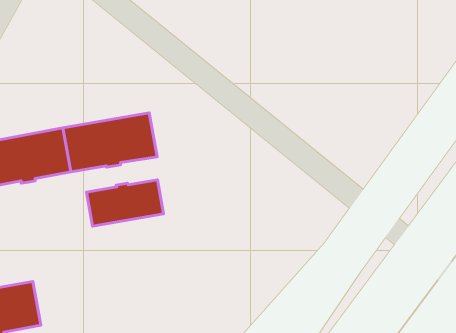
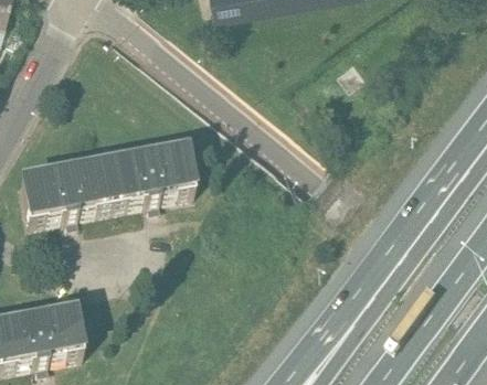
building: [86,180,164,226] -> none

